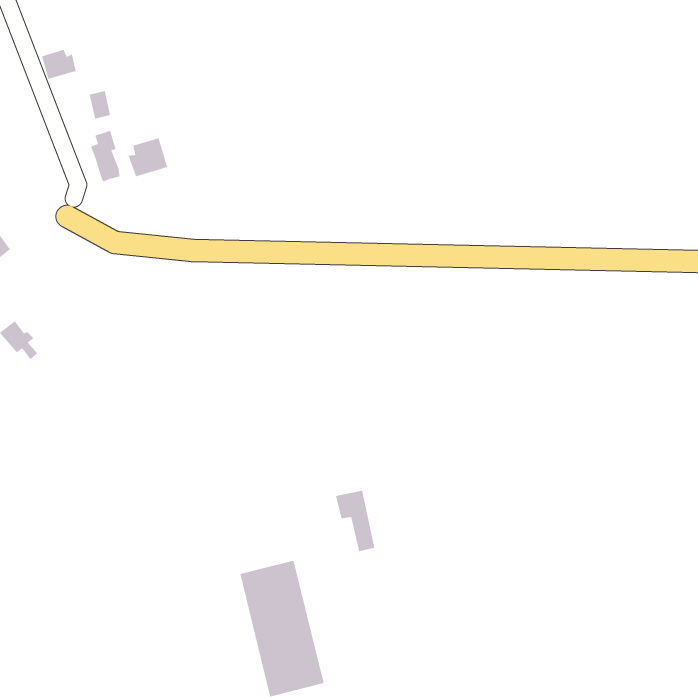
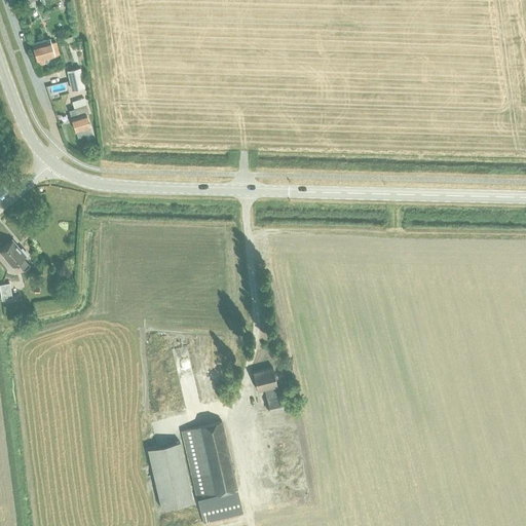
building: [128,138,168,177] -> none
building: none -> [146,443,192,511]

